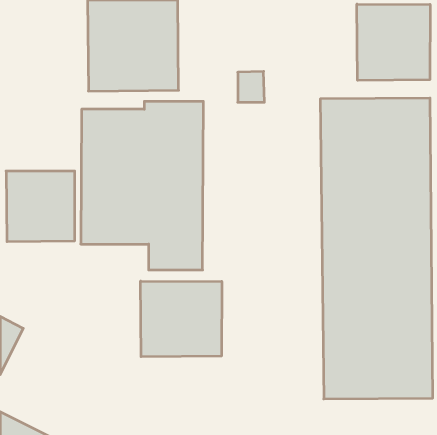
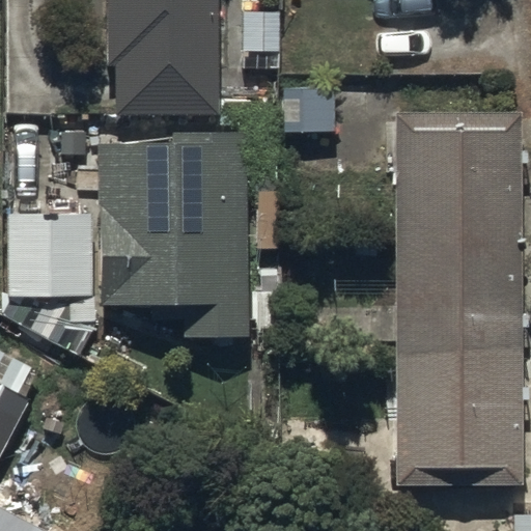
building: [357,4,430,80] -> none
building: [141,281,222,357] -> none

